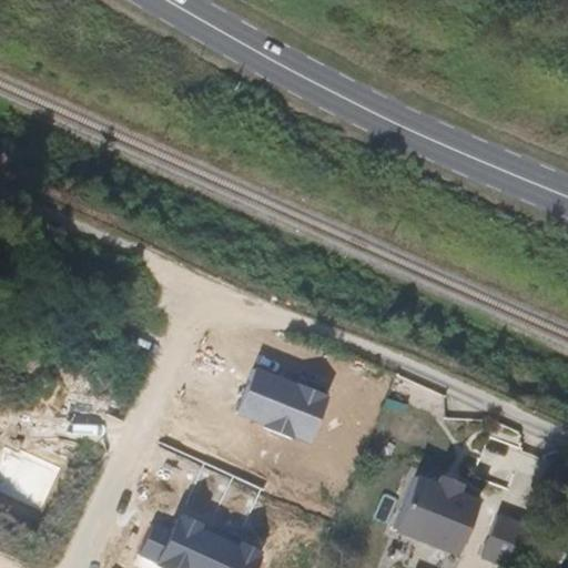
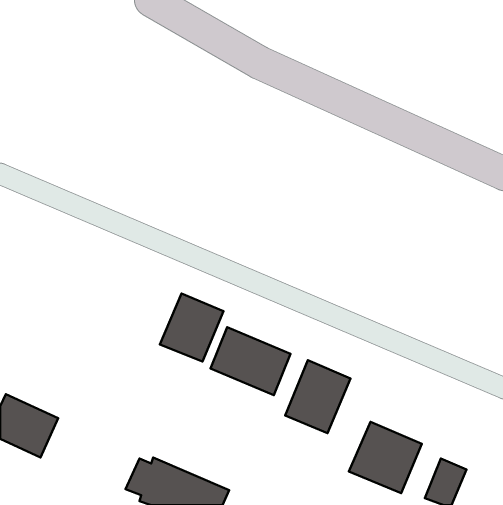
building: none -> [160,294,224,361]
building: none -> [285,360,351,433]

